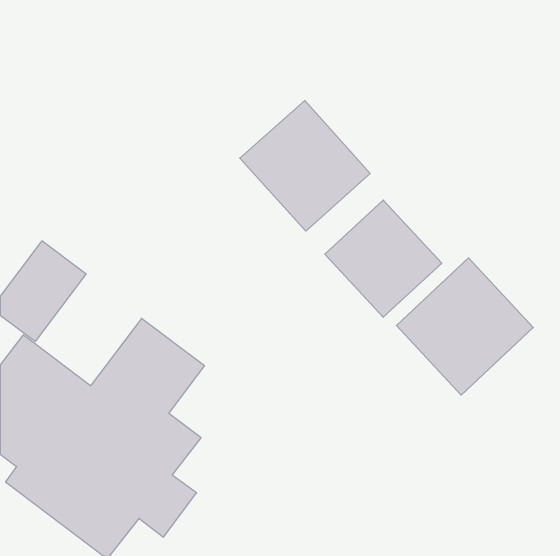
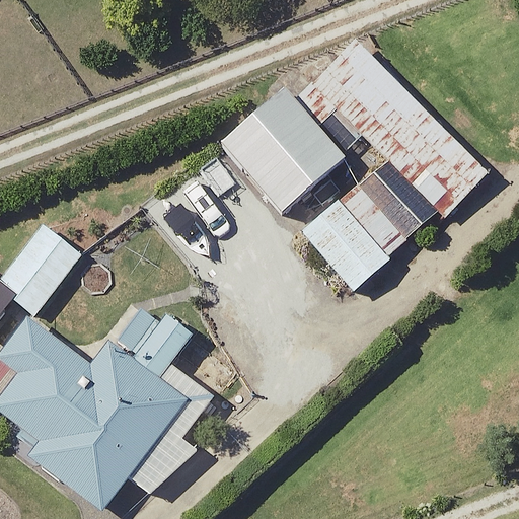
building: none -> [316,45,484,228]
building: [396,258,533,395] -> none

